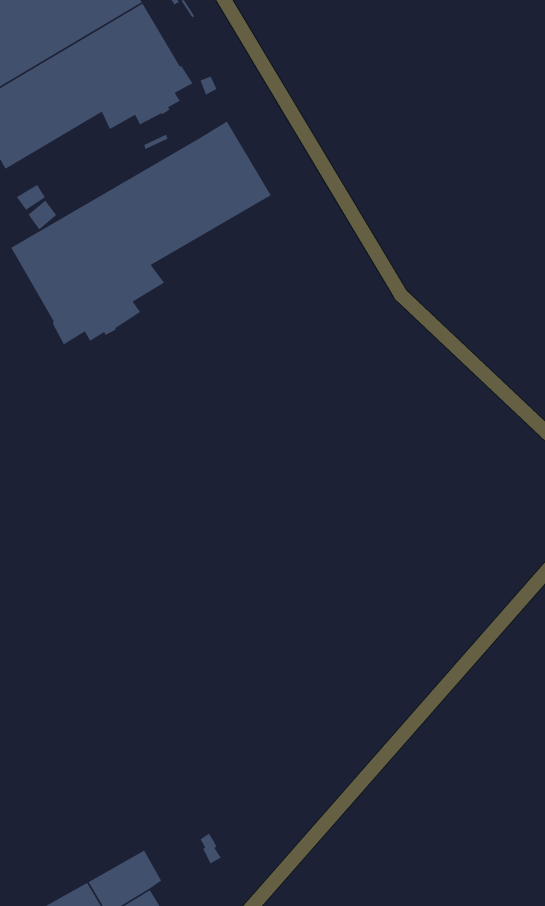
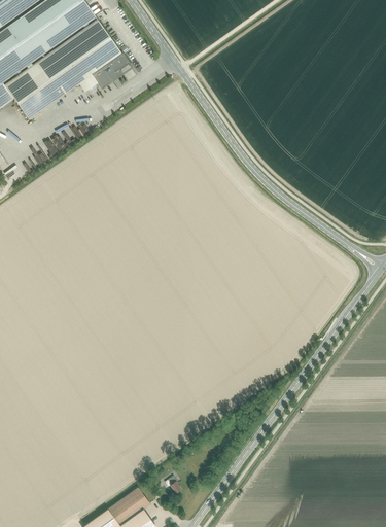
building: [10,120,272,346] -> none

